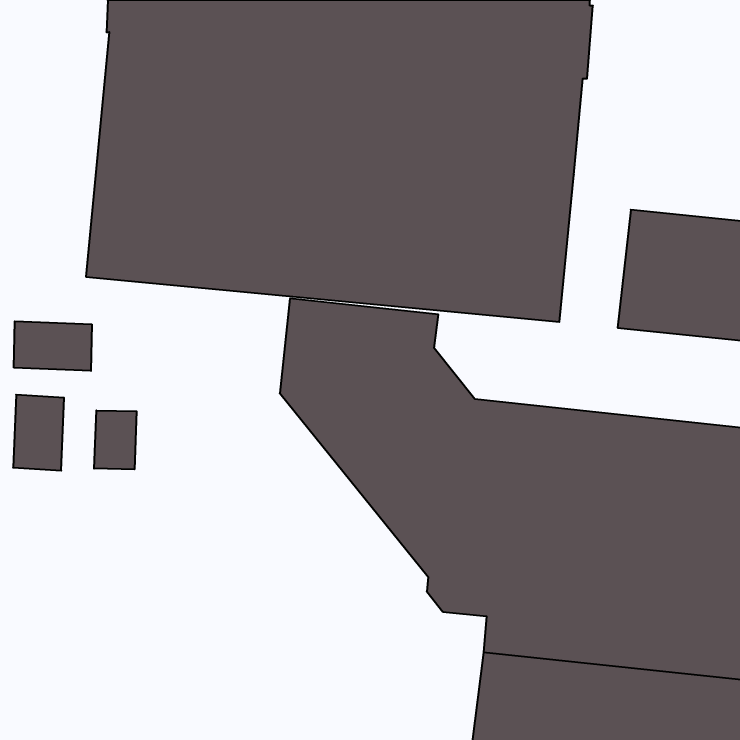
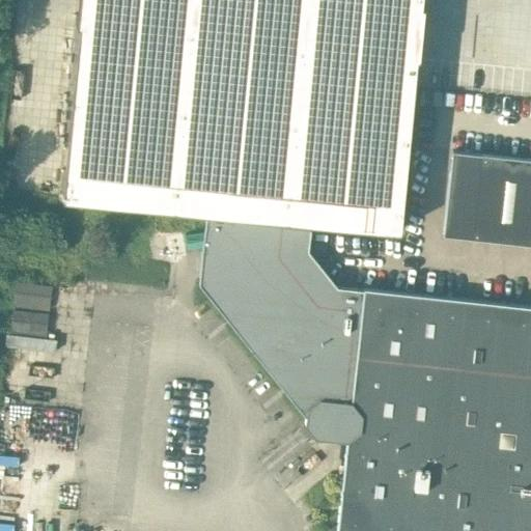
building: [14,321,92,371] -> none
building: [94,410,137,469] -> none

